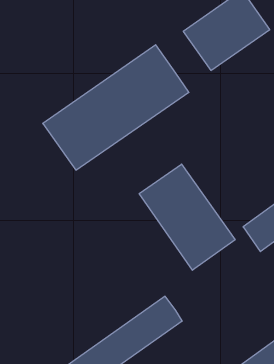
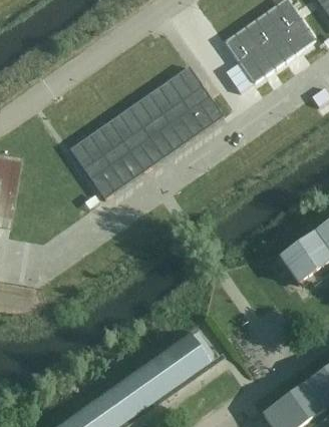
building: [139,164,235,270] -> none

